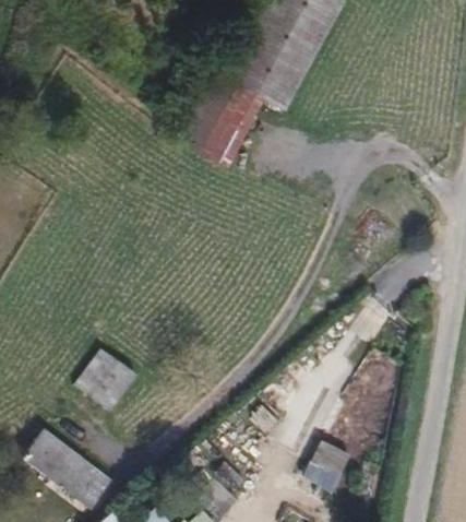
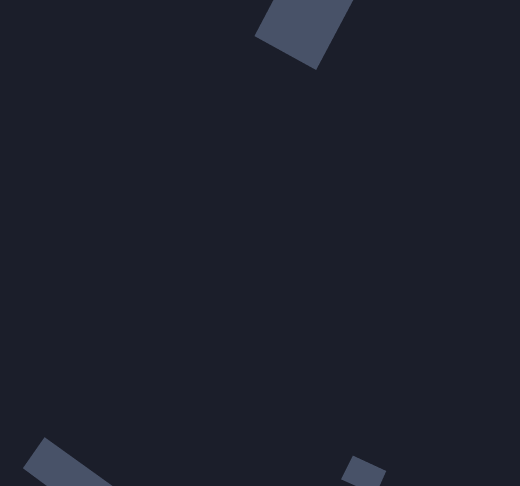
building: [77,351,138,412] -> none

